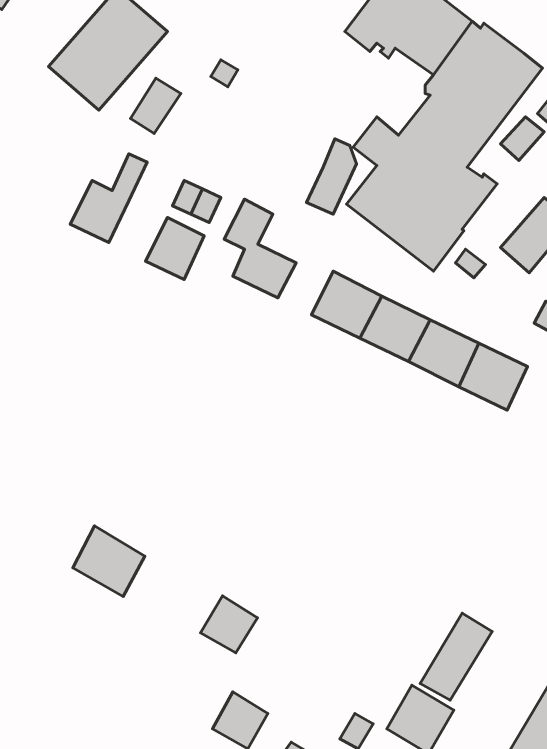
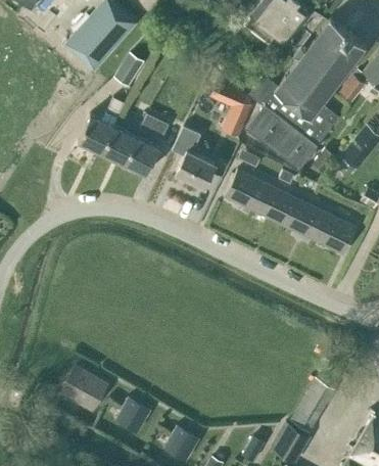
building: none -> [101,127,137,164]
building: [73,526,145,596] -> [62,367,106,410]
building: [201,596,258,653] -> [115,398,150,432]

